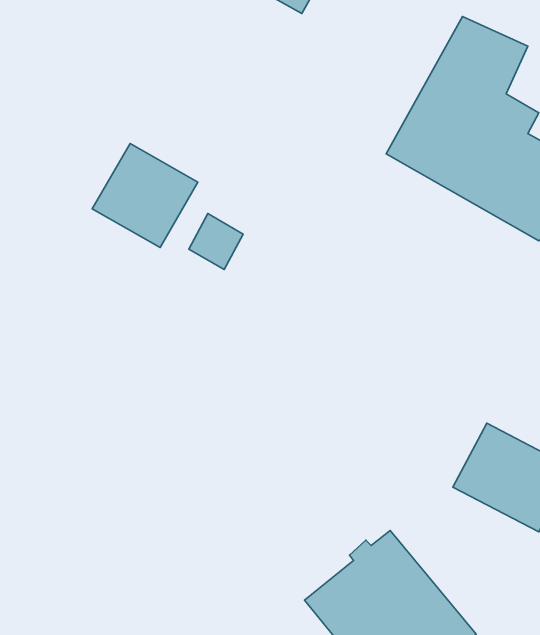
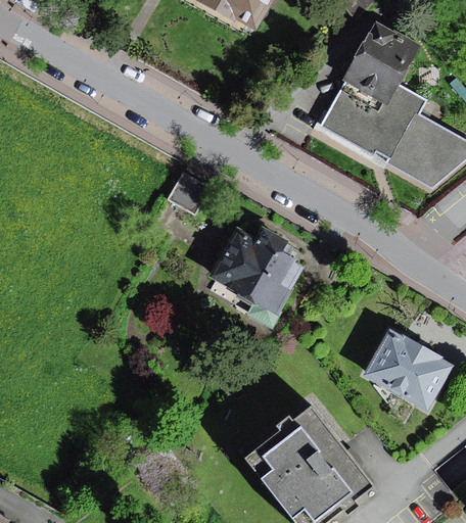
building: [92,143,198,248] -> none
building: none -> [207,227,305,327]

